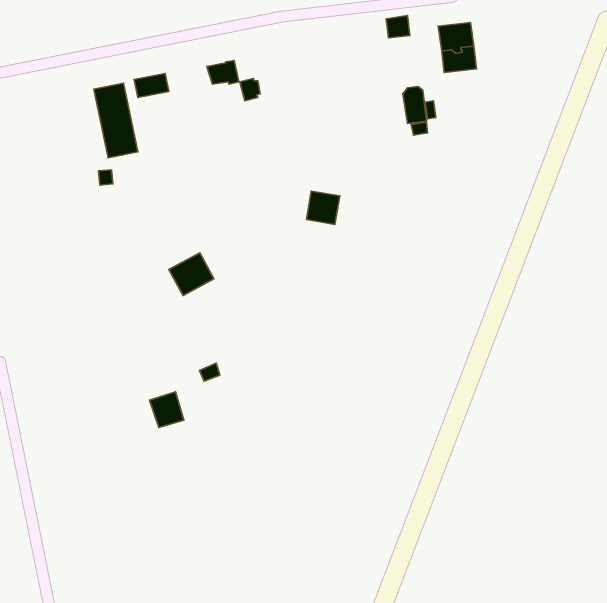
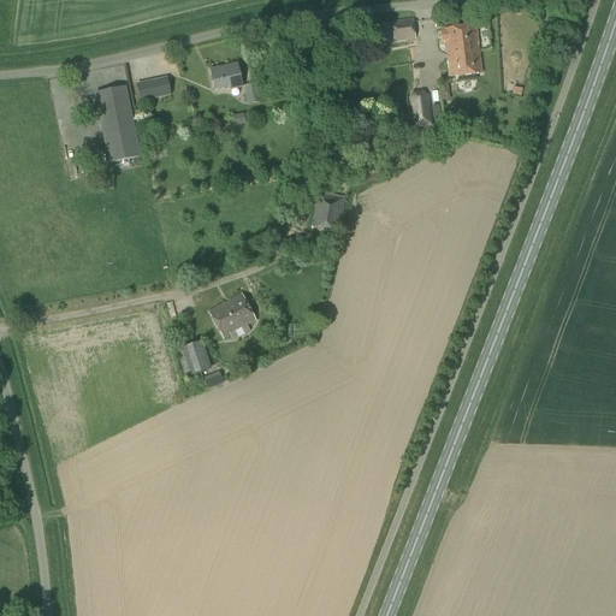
building: [169,253,214,295] -> [209,291,255,334]
building: [149,392,184,427] -> [176,338,211,374]

